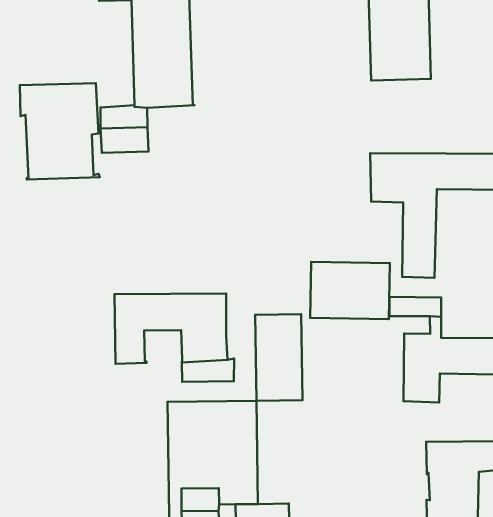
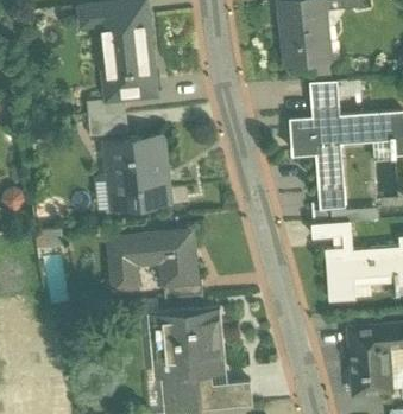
building: [20,83,100,180] -> [106,136,170,211]
building: none -> [310,82,338,110]
building: [310,262,390,319] -> none
building: [255,314,303,401] -> none

